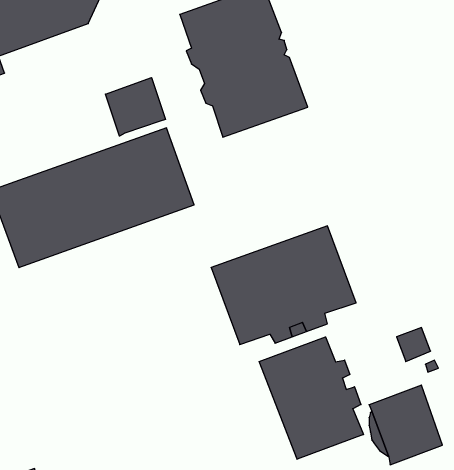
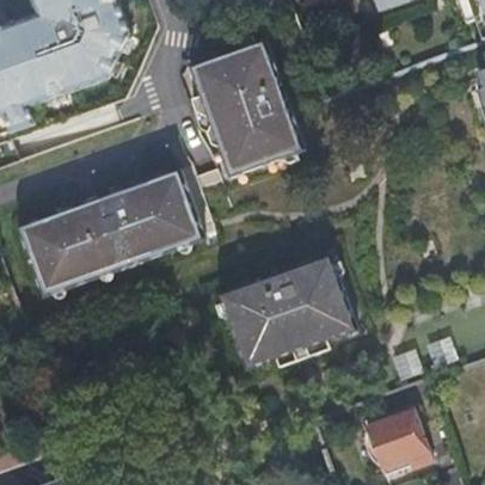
building: [105,78,165,136] -> none
building: [259,337,363,459] -> none

